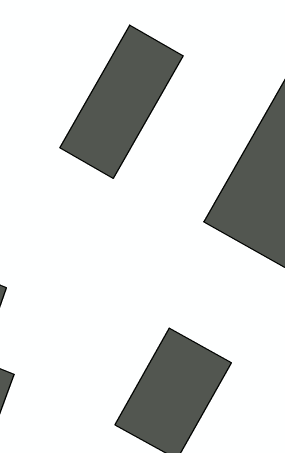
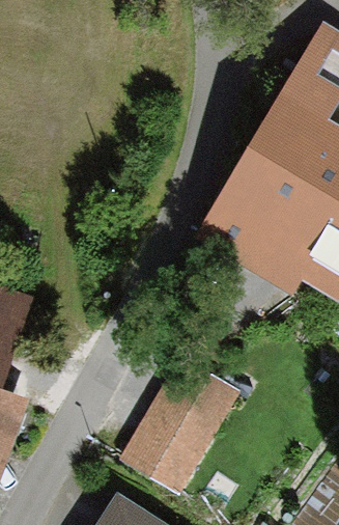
building: [60,25,183,178] -> none

